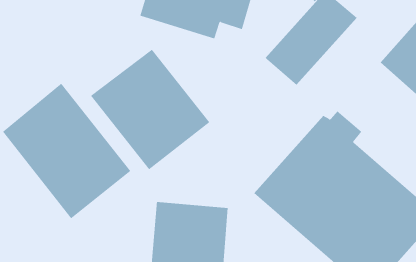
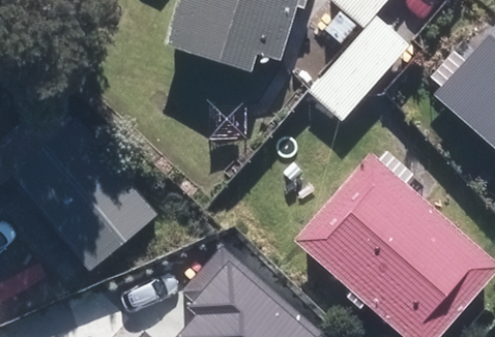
building: [90,49,210,170] -> none

